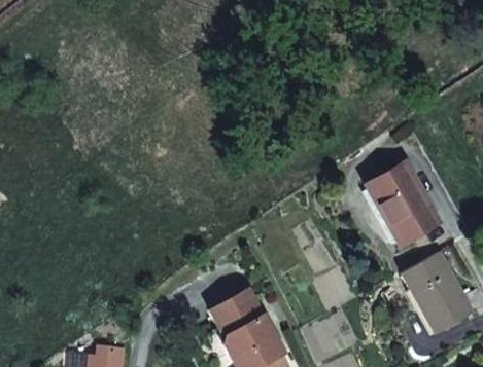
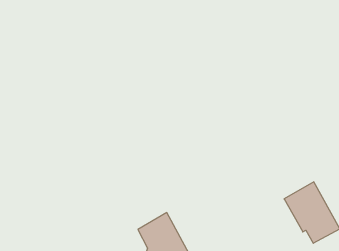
building: [367,163,438,243] -> none

